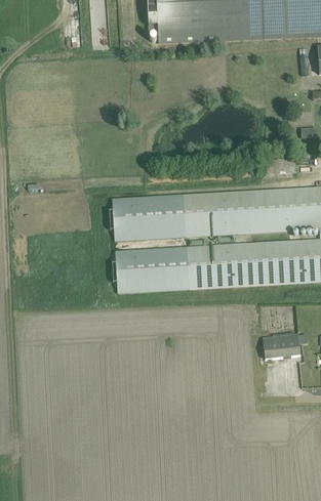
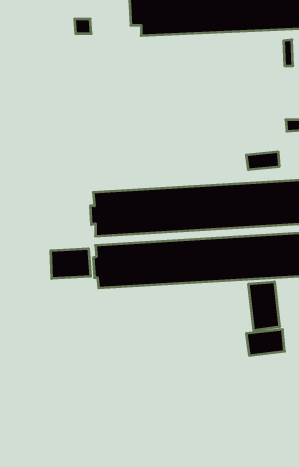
building: none -> [51,249,91,279]
building: none -> [249,282,279,330]

